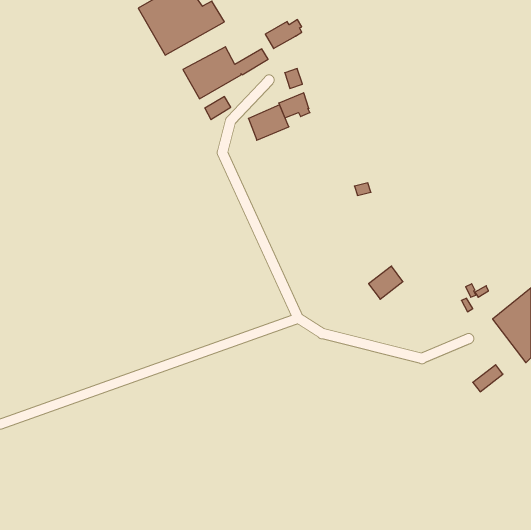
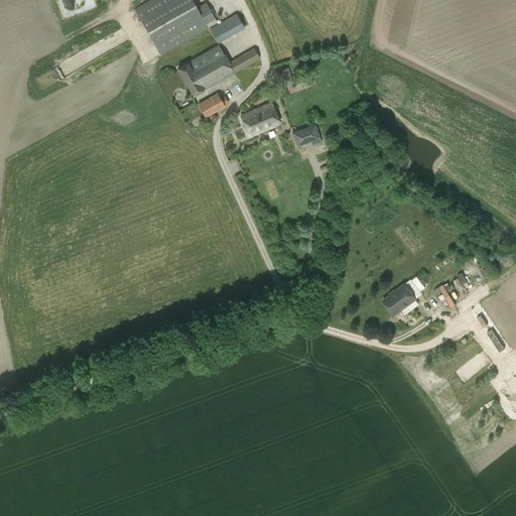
building: [265,20,302,49] -> [209,13,244,41]
building: [279,93,310,118] -> [291,122,321,146]
building: [369,266,403,299] -> [383,282,416,314]

